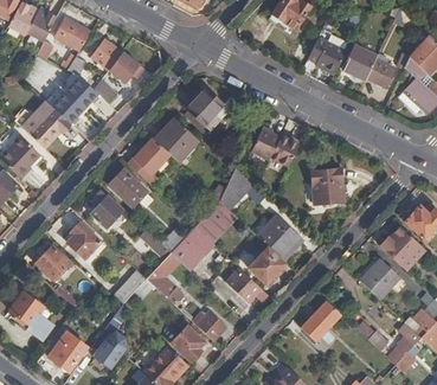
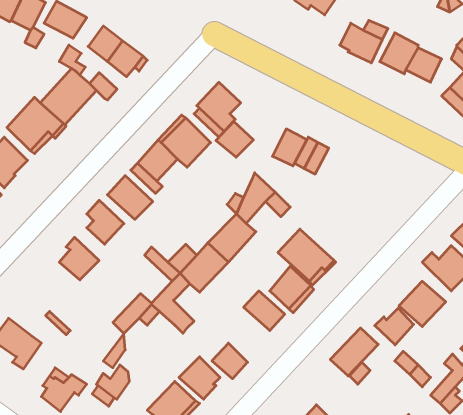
building: none -> [216,122,253,157]
building: [310,168,345,204] -> none
building: [34,245,70,281] -> none
building: none -> [375,308,414,345]

